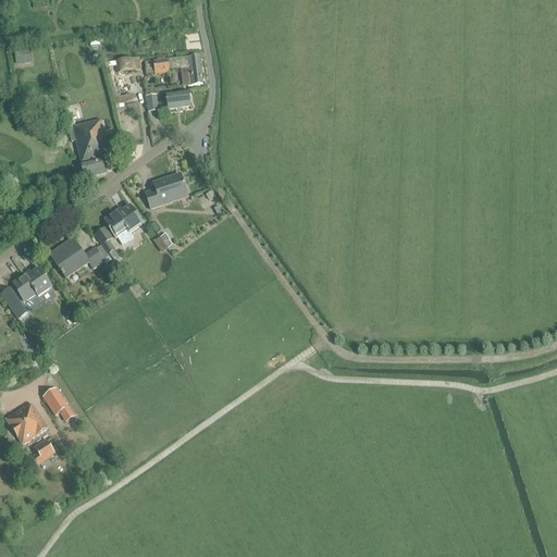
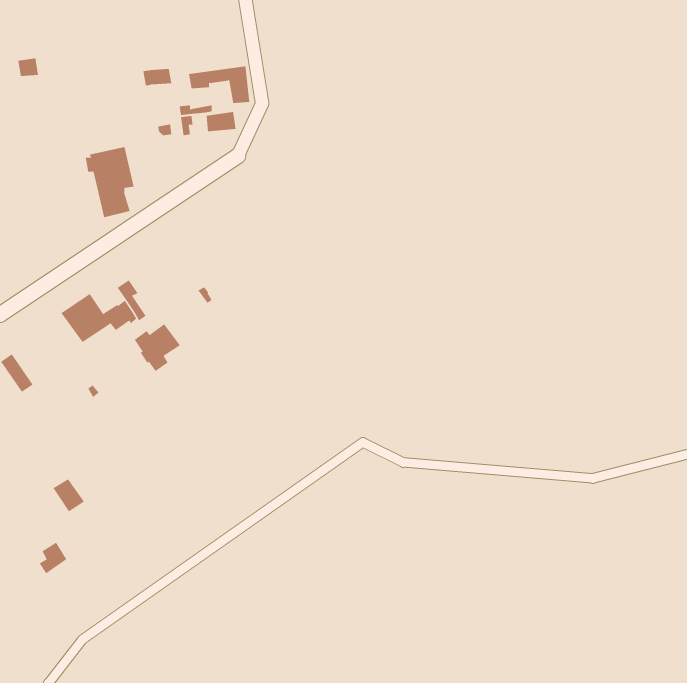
building: [145,172,187,208] -> none
building: [104,205,143,244] -> [134,324,181,372]
building: [13,268,51,299] -> none
building: [5,403,48,443] -> none

